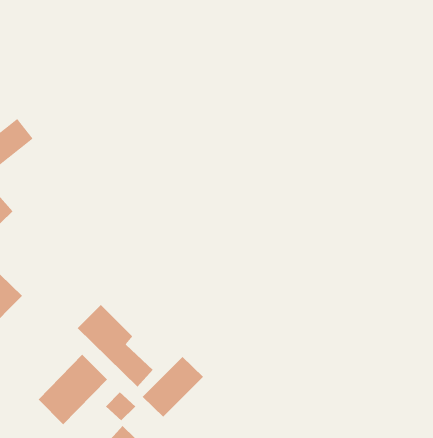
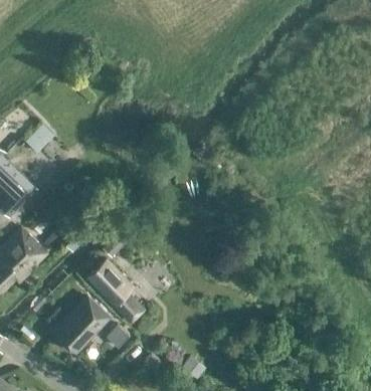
building: [142,356,204,417] -> none

